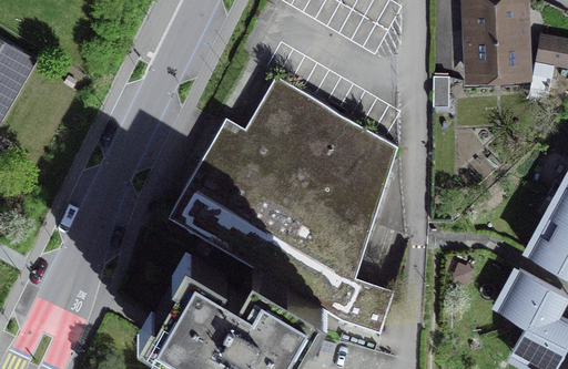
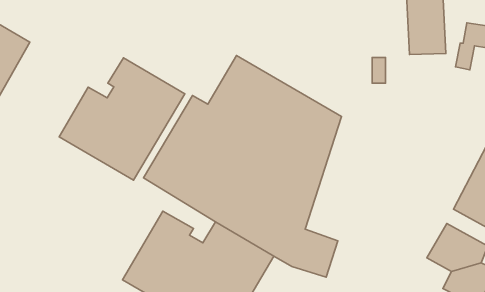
building: none -> [59,58,185,180]

